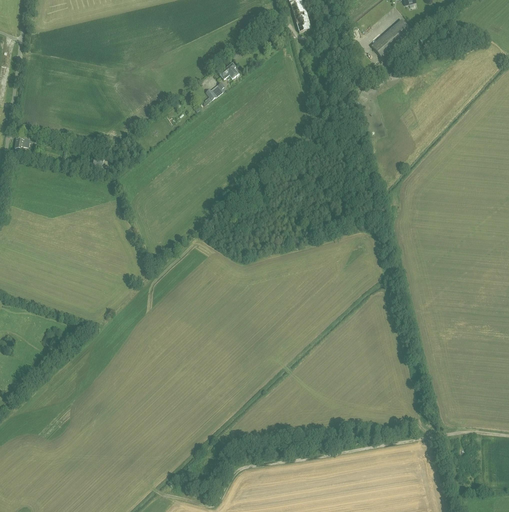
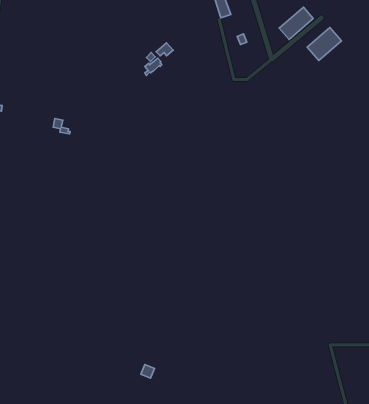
building: none -> [307,27,341,60]

